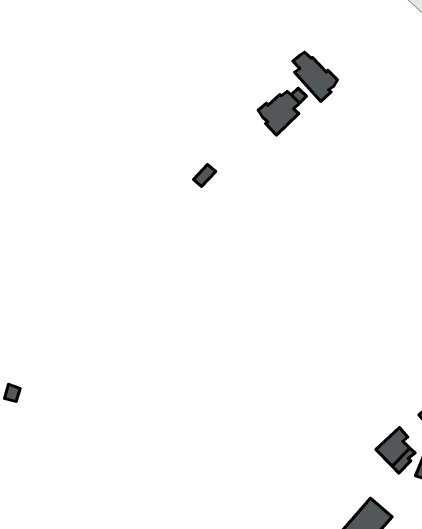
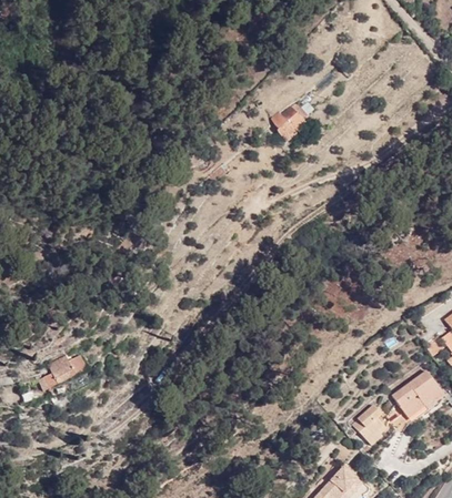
building: [293,52,337,102] -> none
building: none -> [38,355,88,390]

